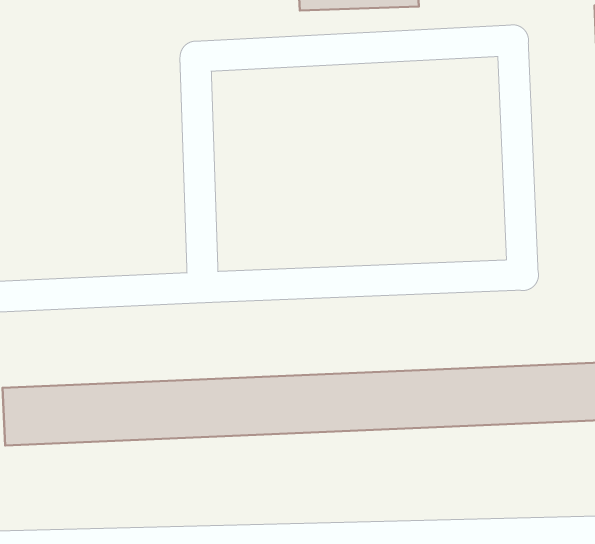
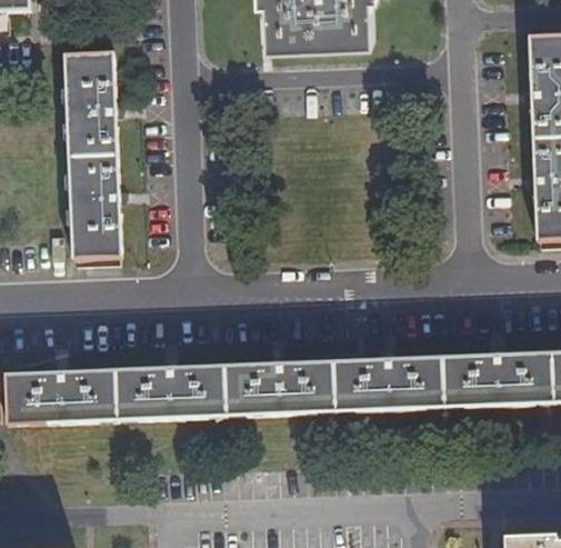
building: none -> [66,51,121,257]

